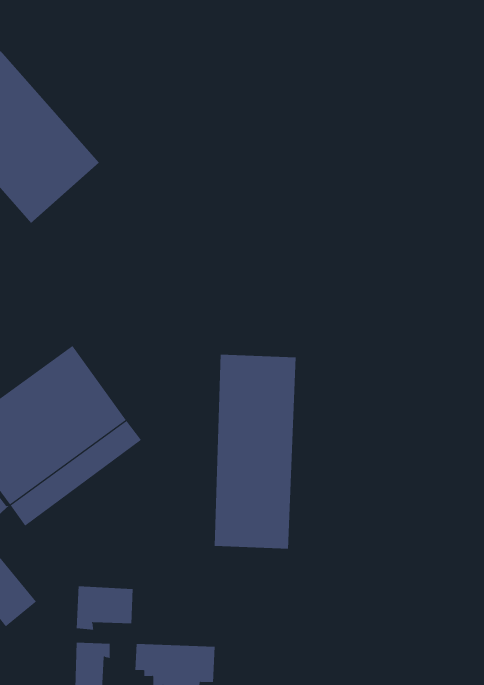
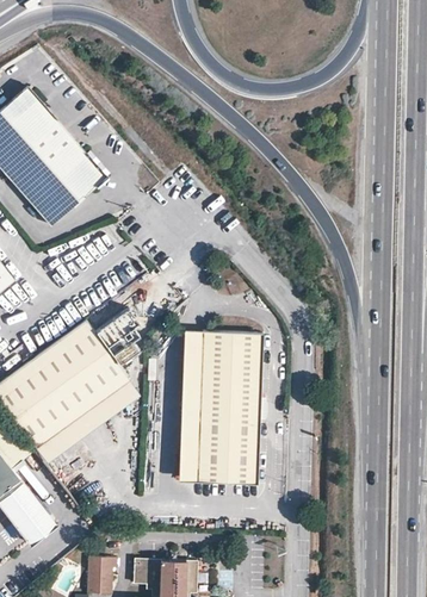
building: none -> [179,330,202,483]
building: [76,585,133,630] -> none

